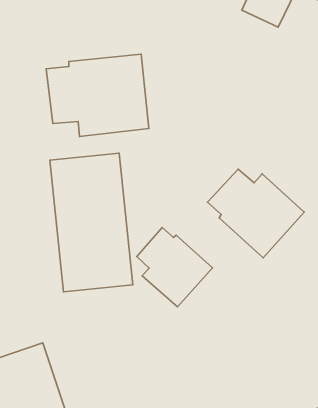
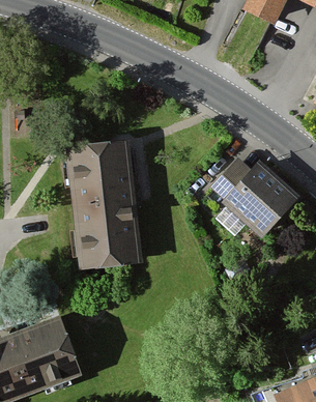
building: [46,54,149,136] -> none
building: [137,227,212,307] -> none

